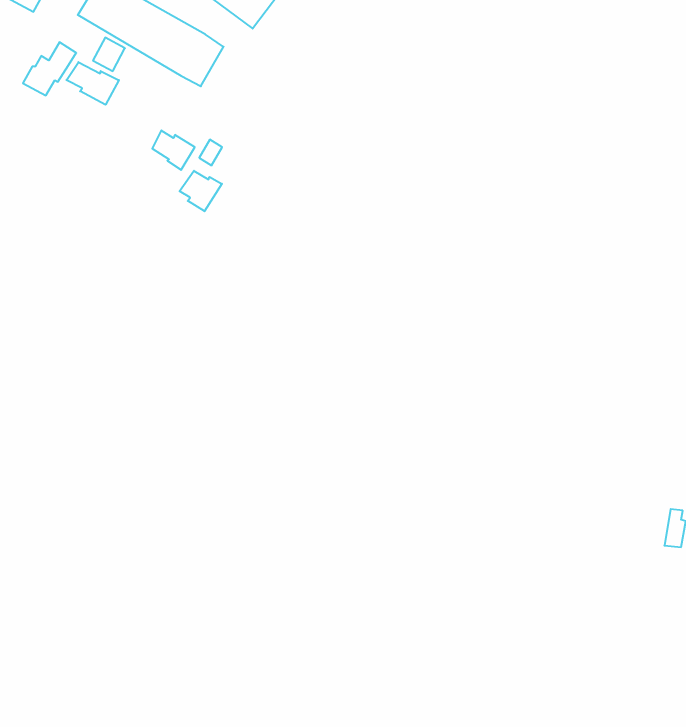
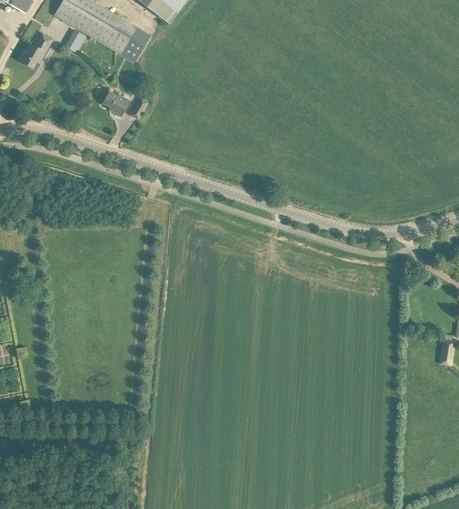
building: [66,62,119,105] -> none
building: [180,171,222,211] -> none

